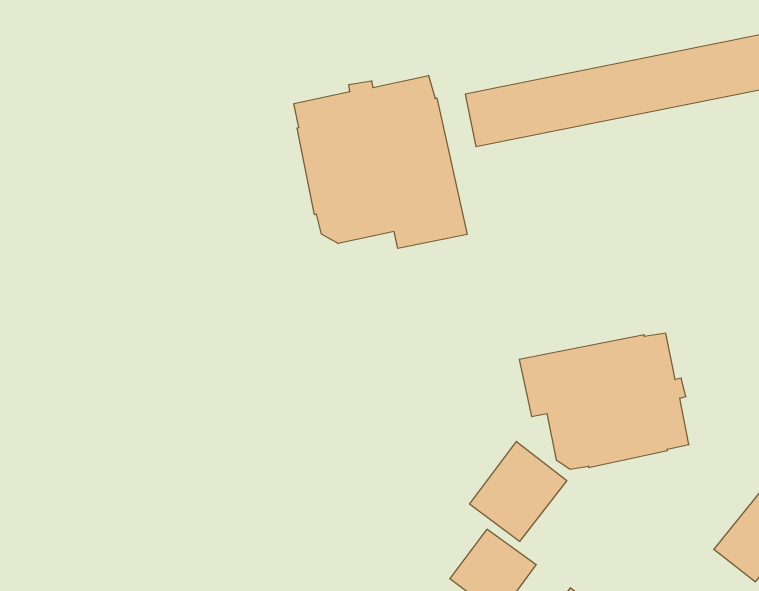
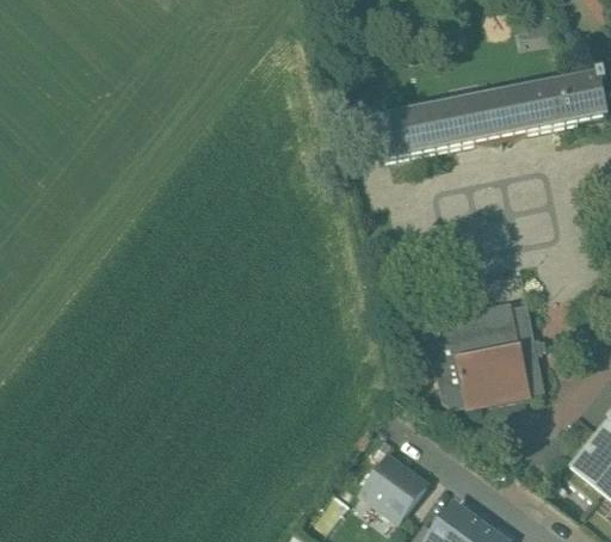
building: [294,75,467,248] -> none
building: [470,441,567,541] -> none

